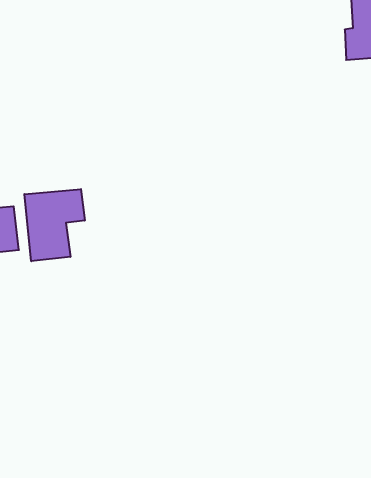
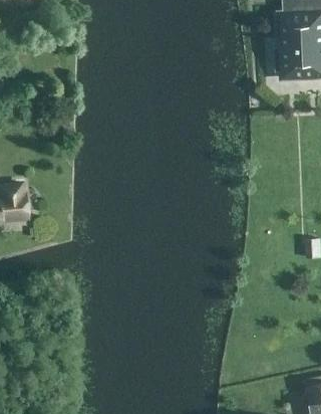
building: [24,189,85,261] -> none

